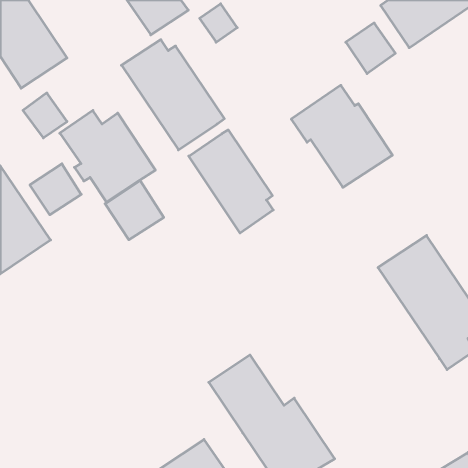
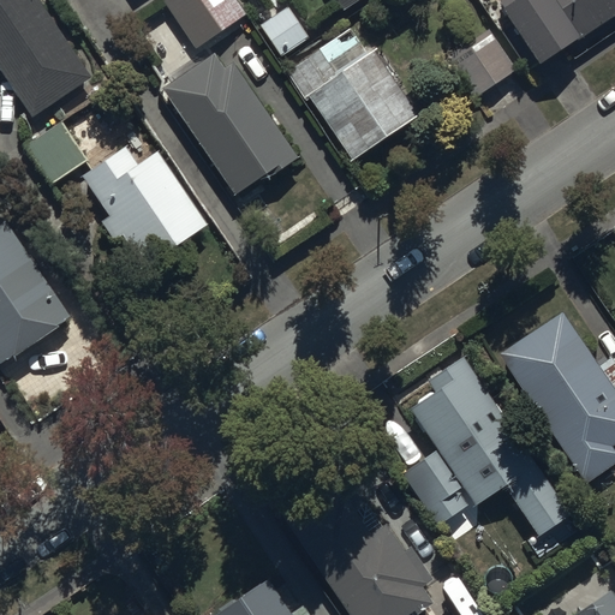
building: [291,85,392,187] -> [283,26,416,160]
building: [189,130,273,233] -> none
building: [30,164,81,215] -> none
building: [105,180,164,240] -> none
building: none -> [402,354,571,537]

